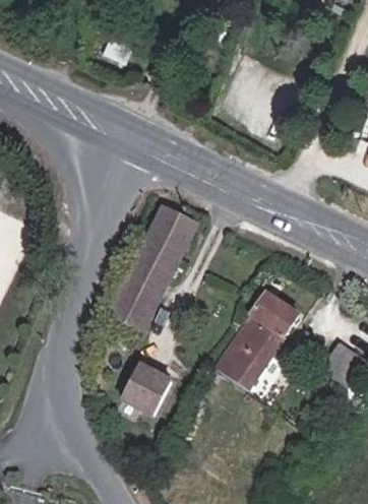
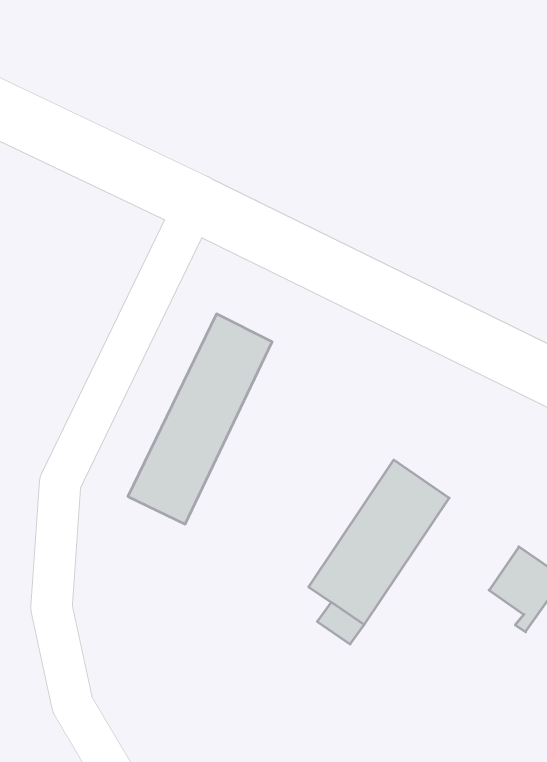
building: [122,362,172,413] -> none

